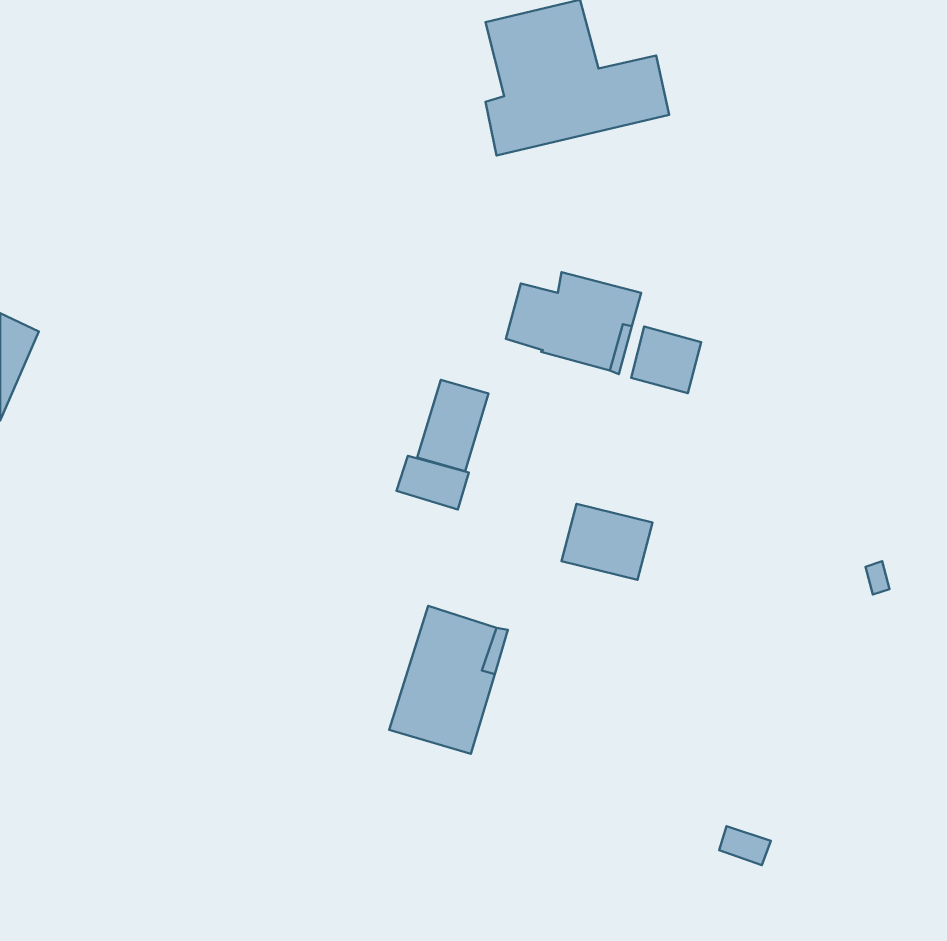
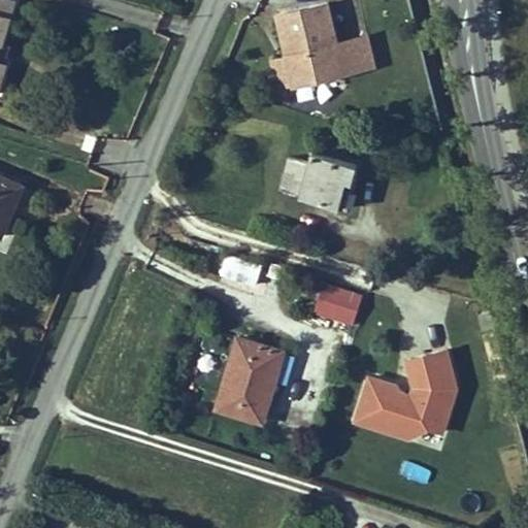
building: [631,327,701,393] -> none
building: [417,380,489,471] -> none
building: none -> [353,345,460,443]

